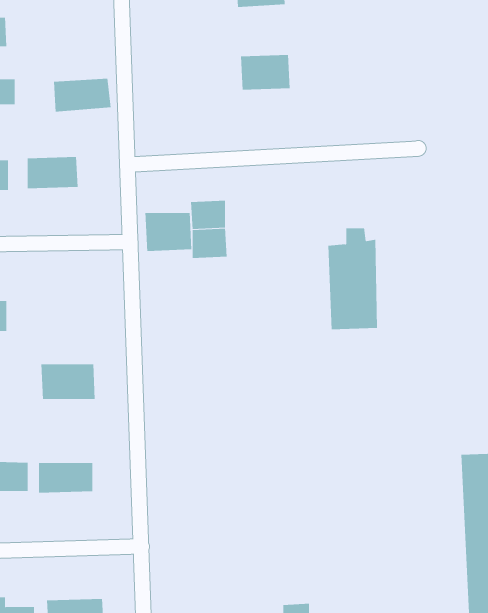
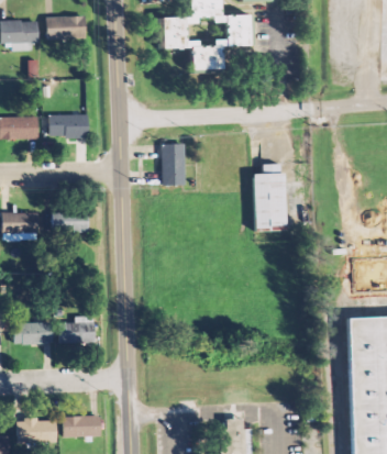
building: none -> [230,14,254,47]
building: none -> [165,16,188,49]
building: [53,78,111,112] -> [45,15,85,38]
building: [145,212,192,252] -> none
building: [41,364,96,400] -> [51,209,88,233]

